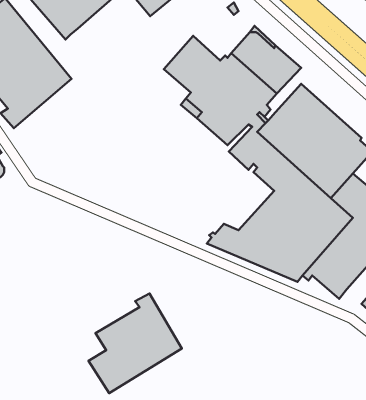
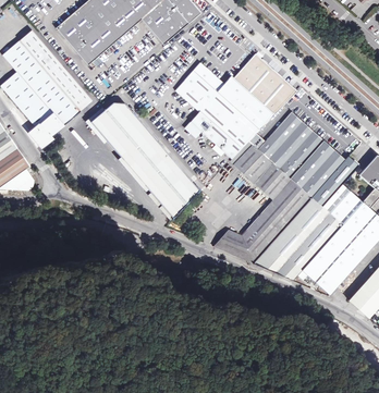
building: none -> [89,102,198,219]
building: [89,294,182,393] -> none

